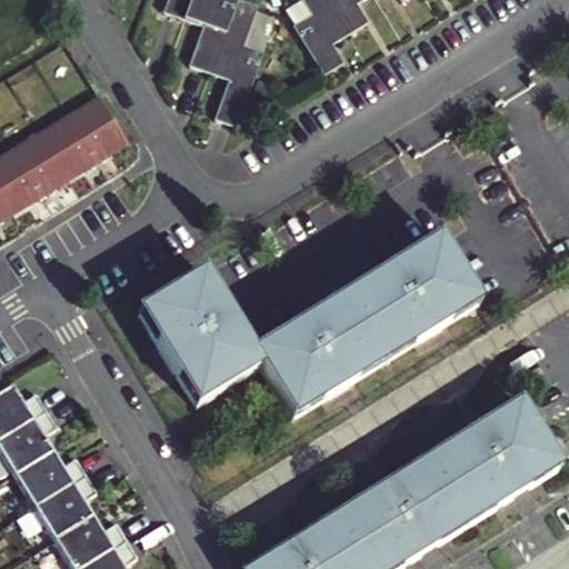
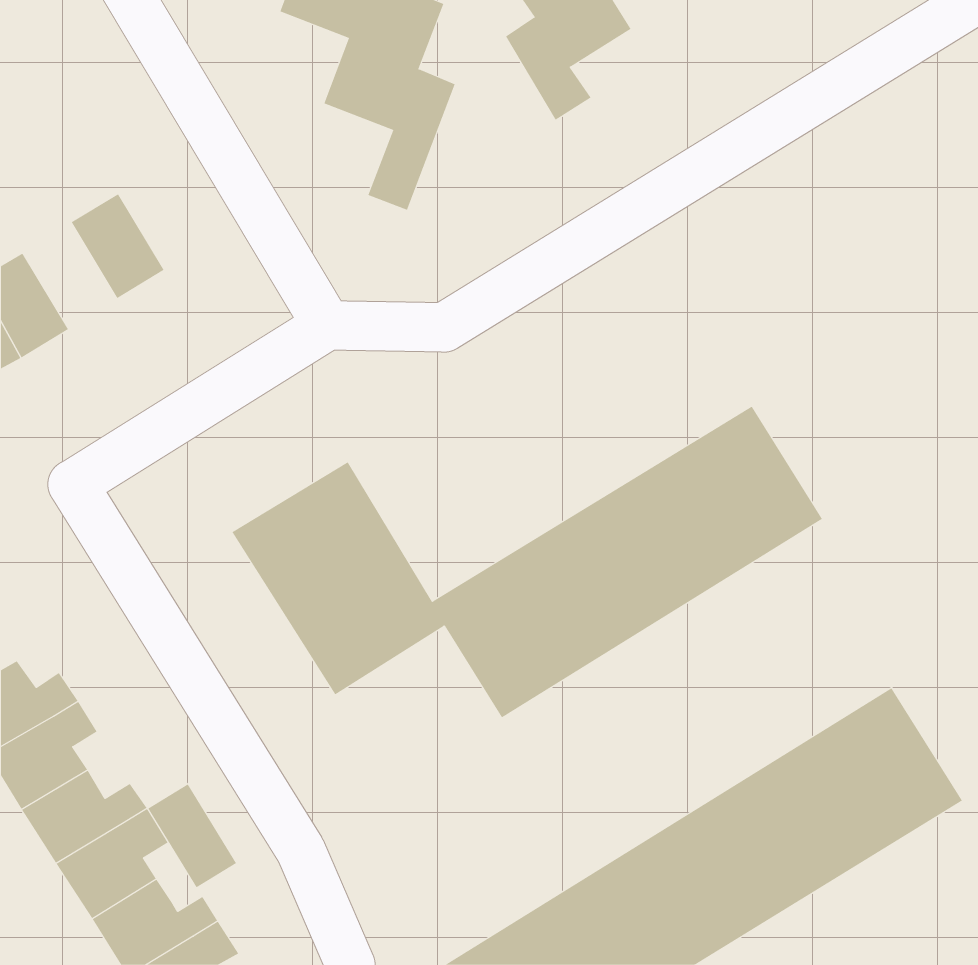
building: [69,94,124,157] -> none
building: [13,129,68,191] -> none
building: none -> [147,783,237,888]

